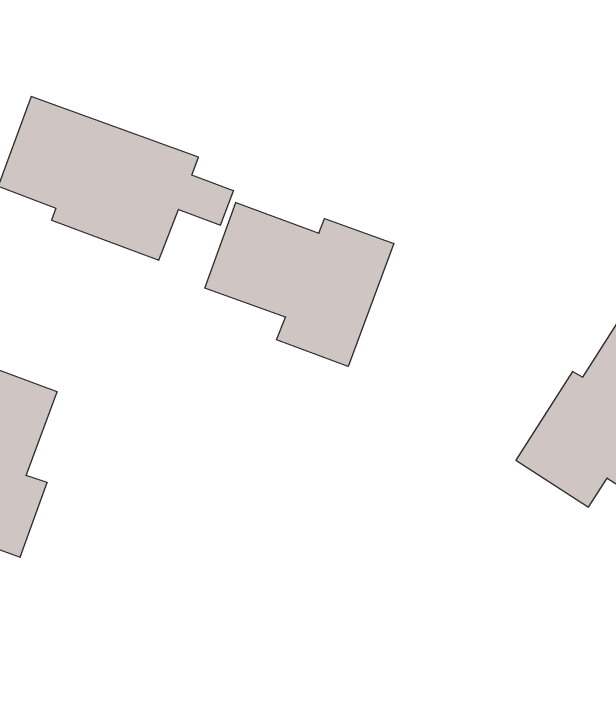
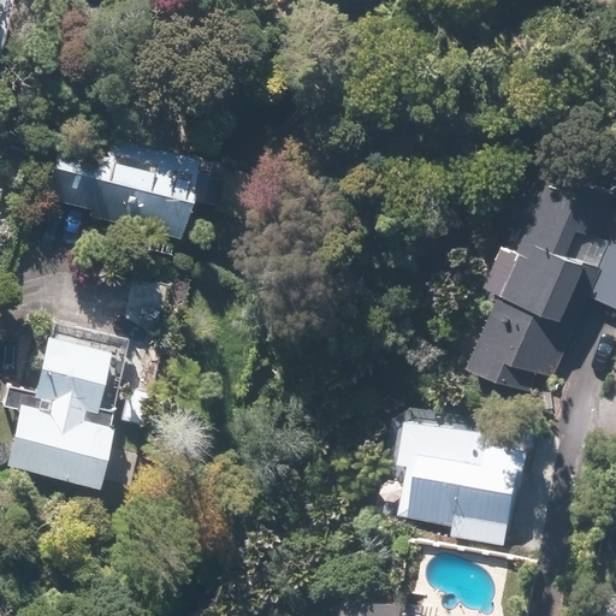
building: [205,202,394,366] -> none
building: none -> [401,420,527,545]

